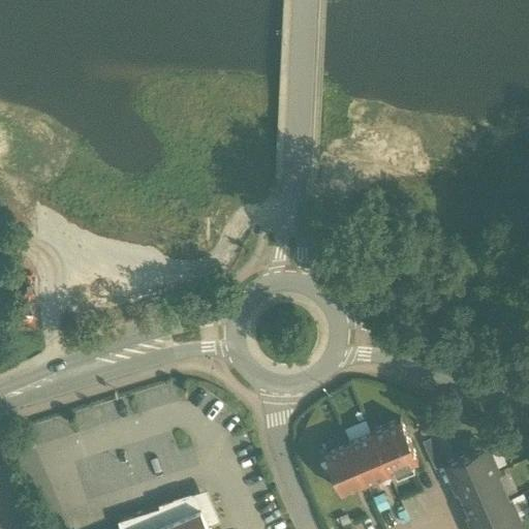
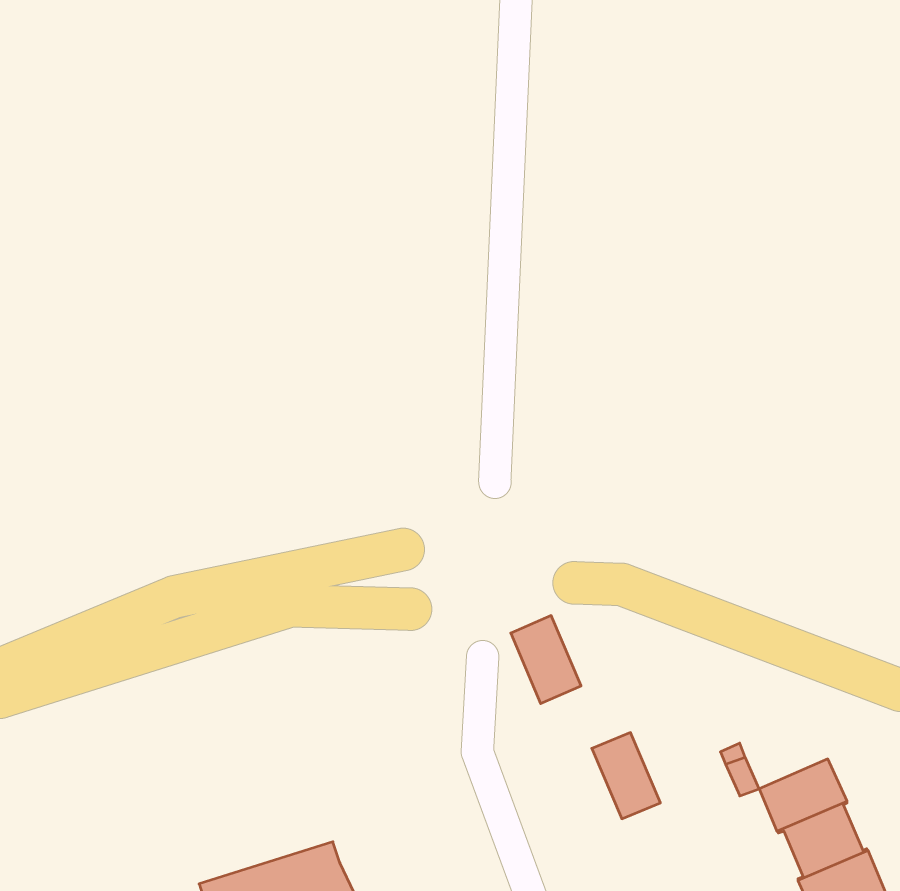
building: [370,423,416,476] -> none
building: [323,444,365,496] -> [511,616,581,704]

